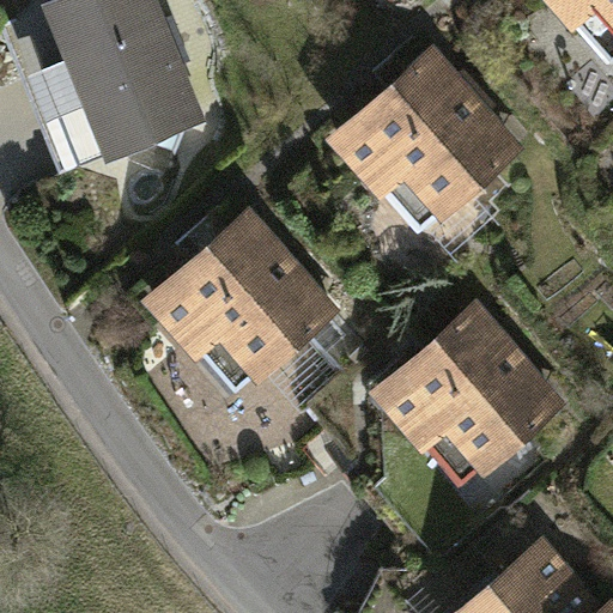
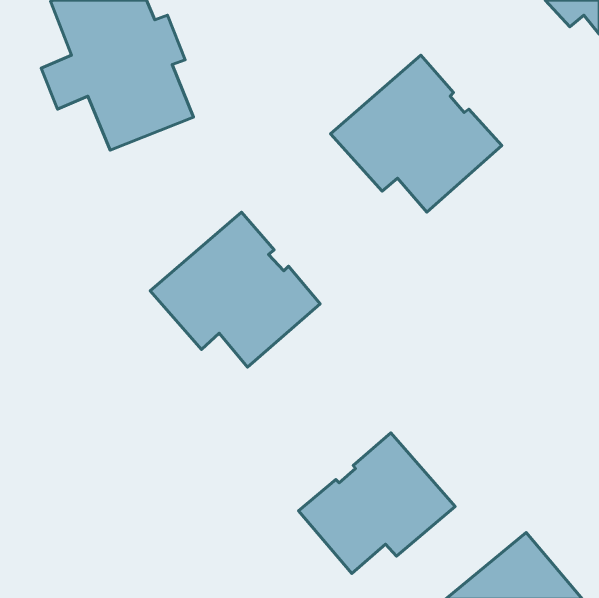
building: [381,311,554,472] -> none
building: none -> [299,433,455,574]

